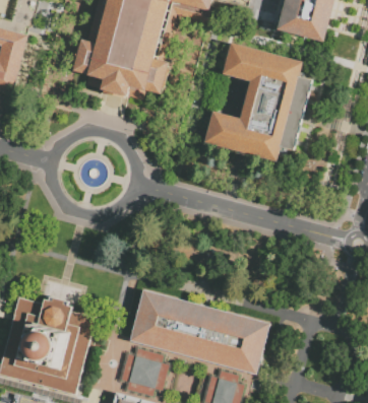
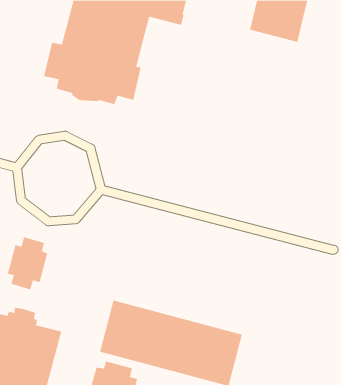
building: [207,45,314,164] -> none
building: none -> [7,236,48,291]

